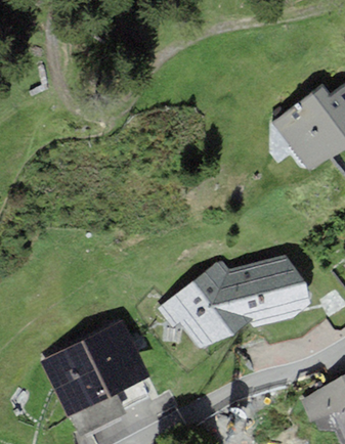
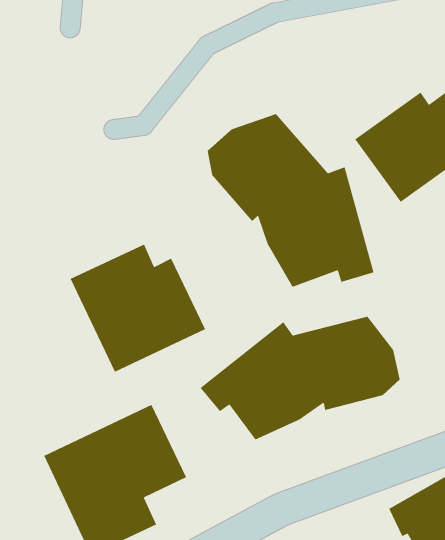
building: none -> [207,113,374,288]
building: none -> [69,244,206,373]

